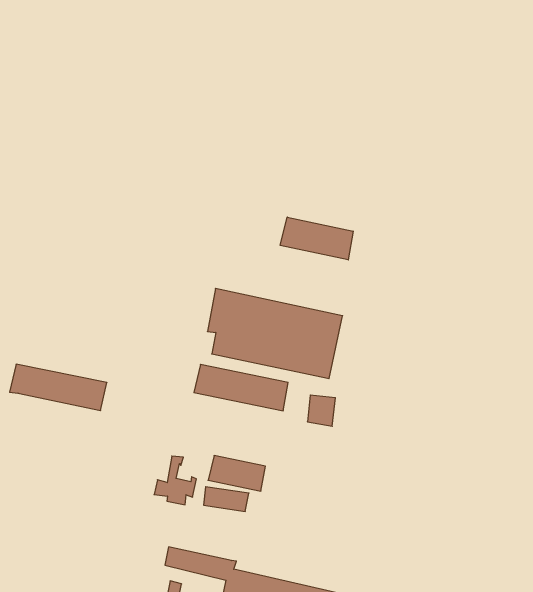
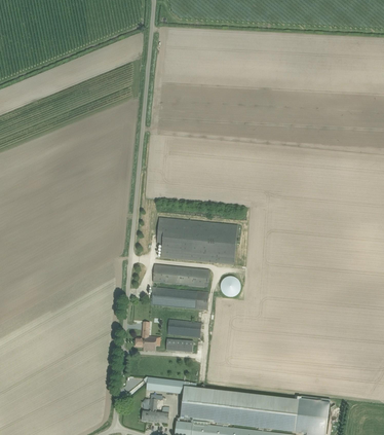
building: [280,217,353,260] -> none
building: [10,364,107,411] -> [150,287,208,310]

